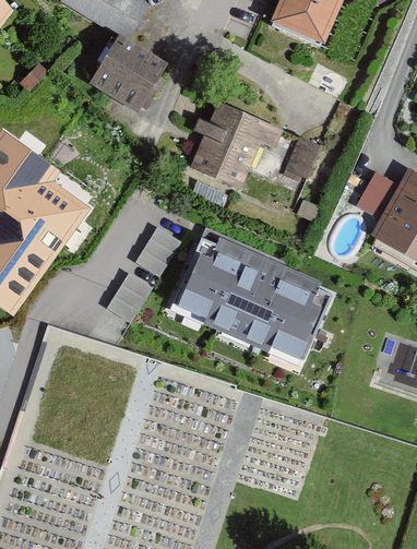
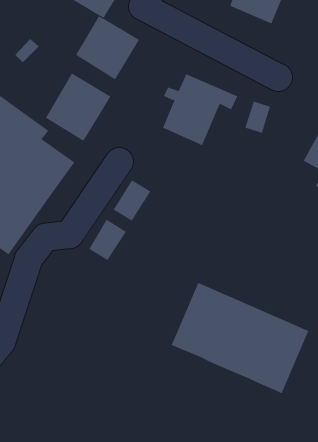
building: none -> [45,73,111,142]
building: [169,236,331,366] -> [171,282,309,394]

